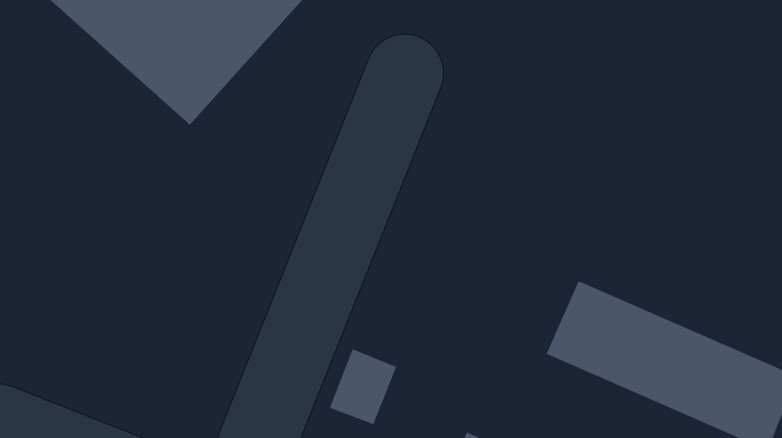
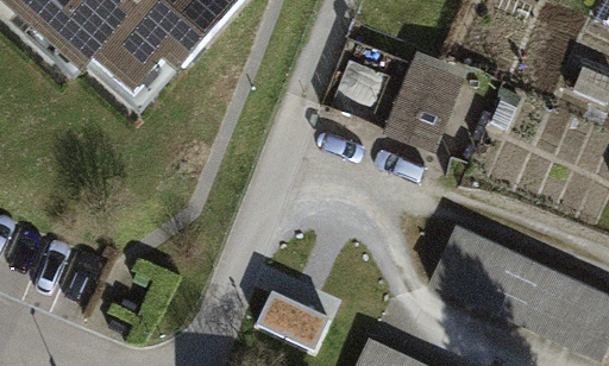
building: none -> [394,53,476,147]

